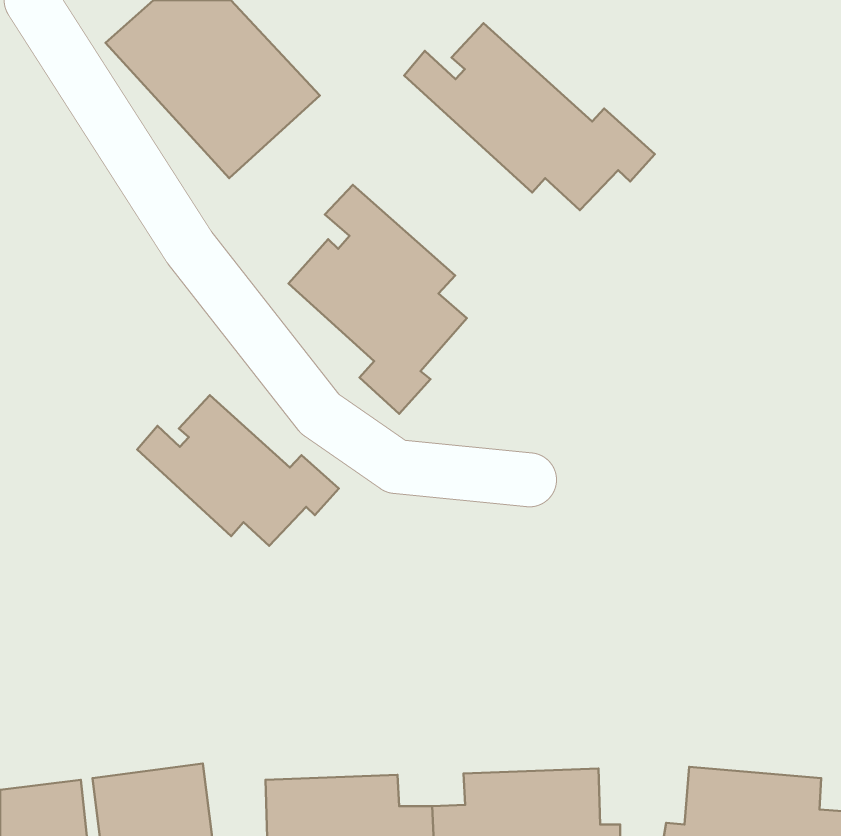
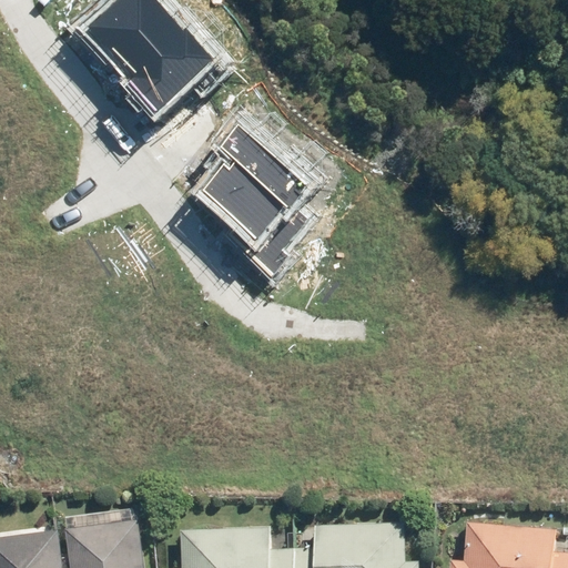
building: [404,23,655,210] -> none
building: [137,395,339,546] -> none

